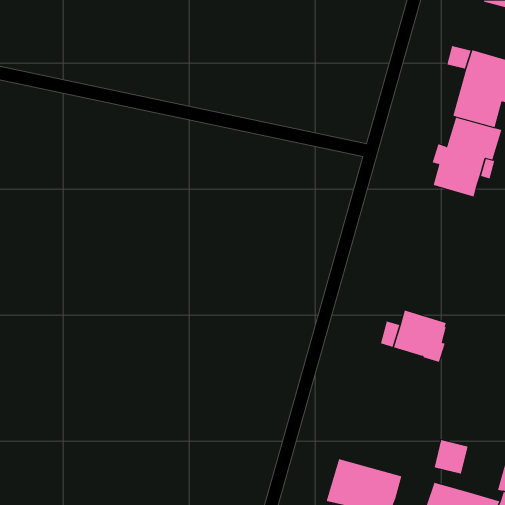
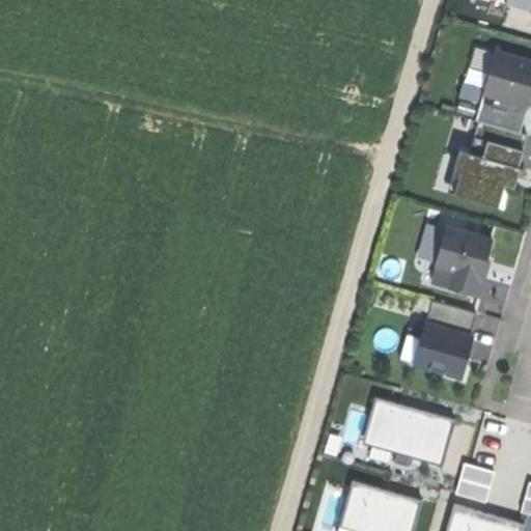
building: none -> [431,228,492,299]
building: none -> [424,303,476,339]
building: none -> [365,398,456,464]

